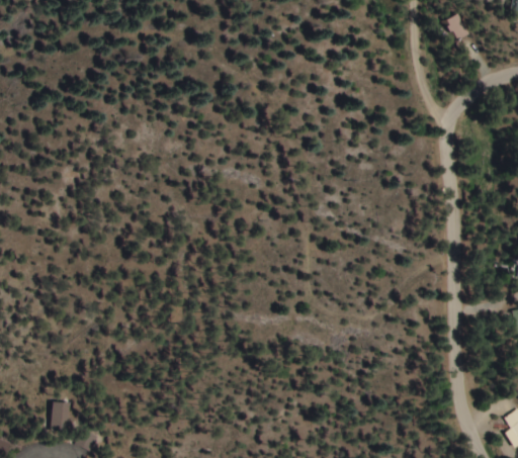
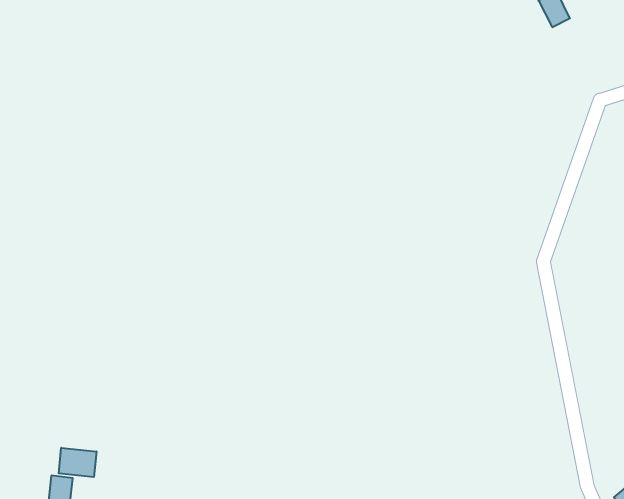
building: none -> [59,448,96,477]

